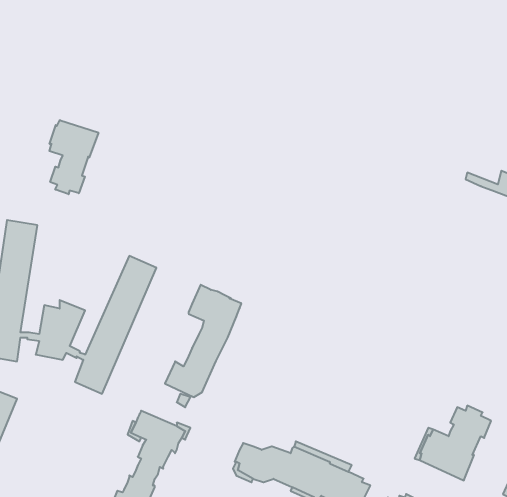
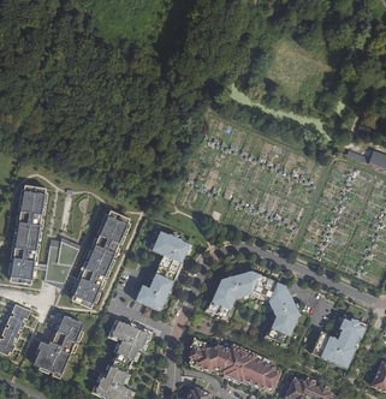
building: [49,120,98,194] -> none
building: none -> [207,270,298,341]
building: none -> [32,315,83,375]

